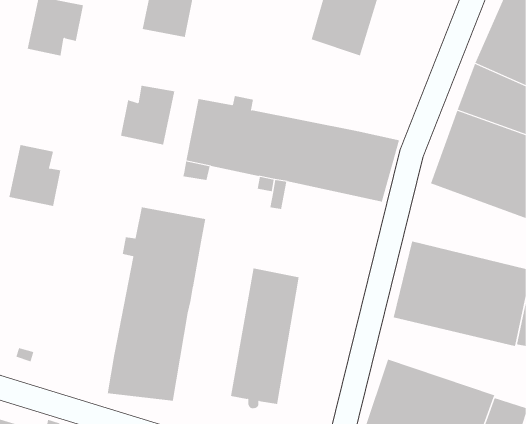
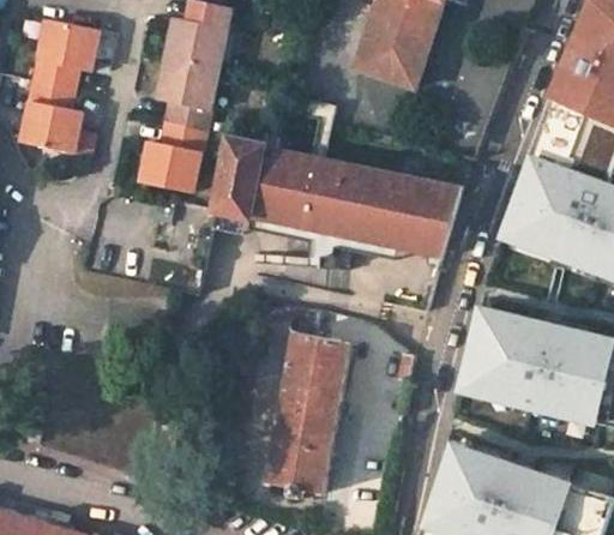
building: none -> [156,59,215,131]
building: [8,144,61,207] -> [18,82,79,154]
building: [107,207,206,402] -> none

